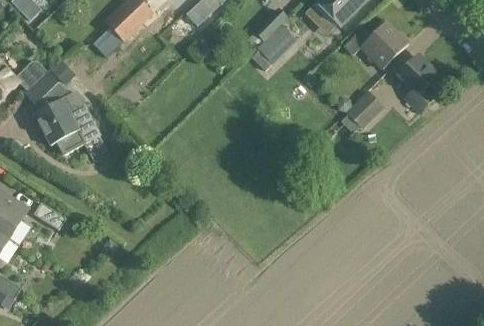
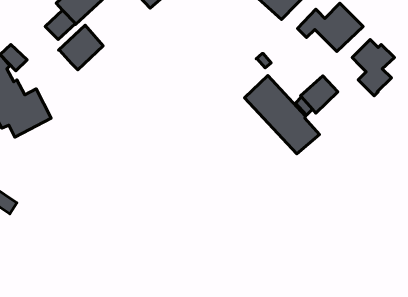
building: [252,26,294,70] -> none
building: none -> [59,25,103,70]
building: none -> [245,76,319,154]

